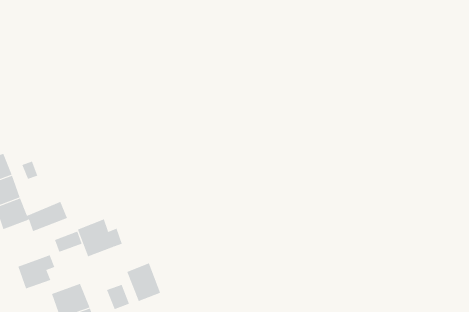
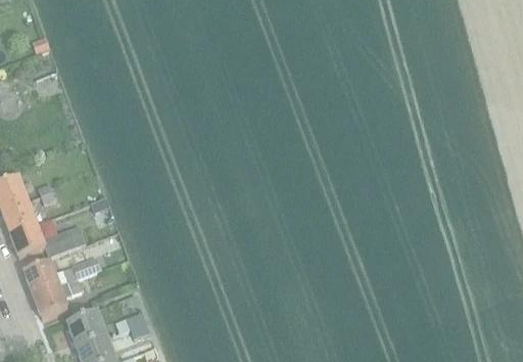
building: [77,219,123,257] -> none
building: none -> [22,260,57,292]
building: [127,262,161,302] -> none

